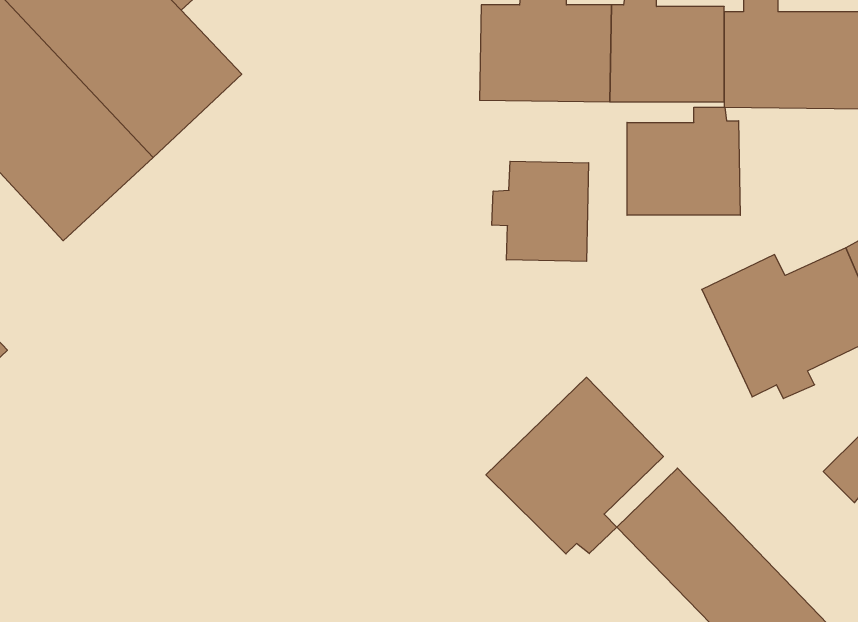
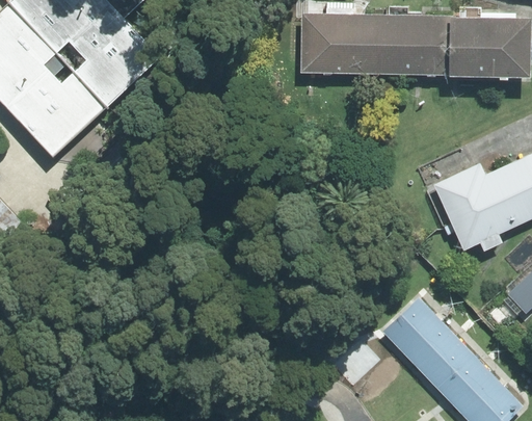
building: [627,107,740,215] -> none
building: [492,161,589,261] -> none
building: [486,377,663,554] -> none

